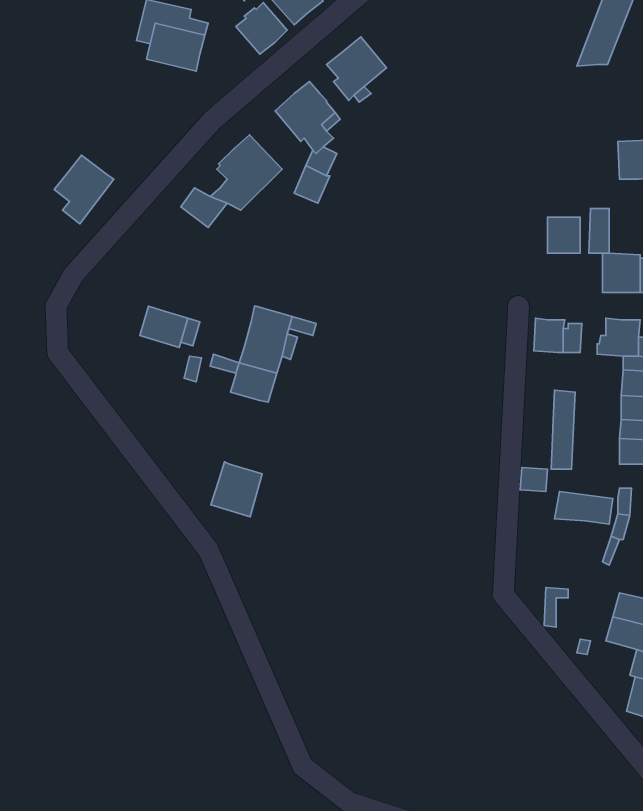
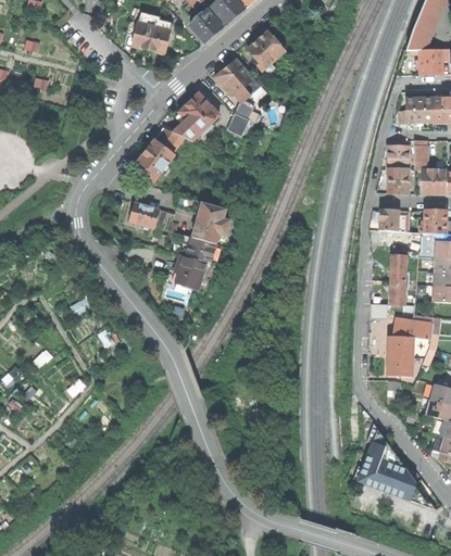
building: none -> [419,48,442,74]
building: none -> [405,97,434,122]
building: [54,155,114,224] -> [138,138,176,181]
building: none -> [388,167,409,192]
building: [211,462,262,517] -> [173,253,205,288]
building: none -> [387,336,412,376]
building: none -> [353,440,417,498]

